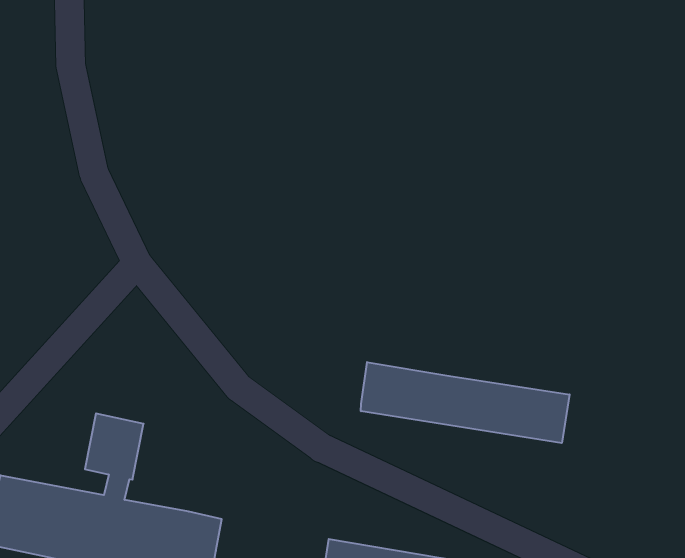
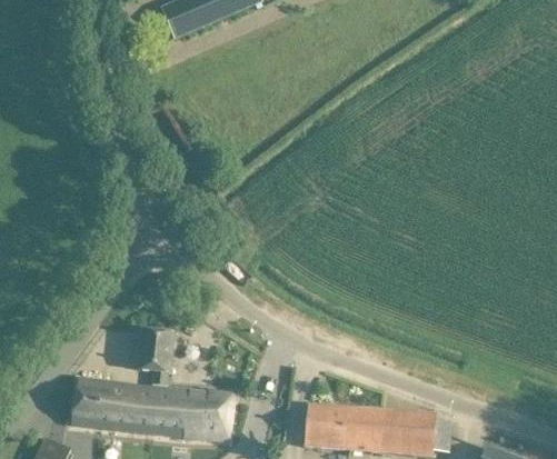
building: [361,362,570,443] -> none

